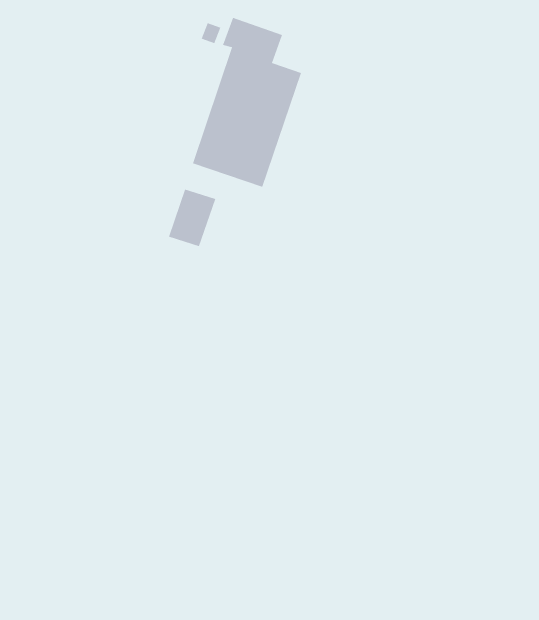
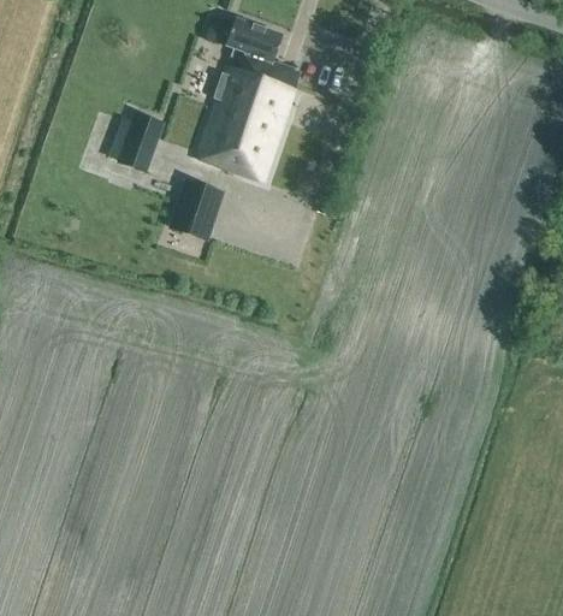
building: none -> [122,114,164,170]

